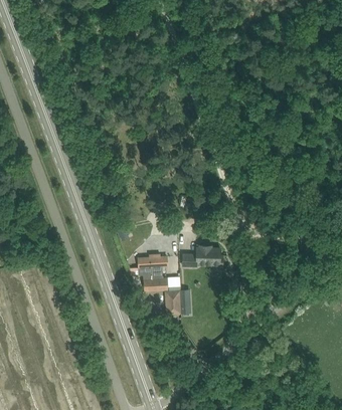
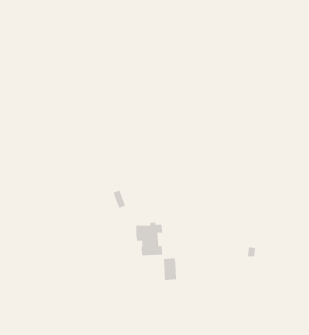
building: [182,245,223,267] -> none

